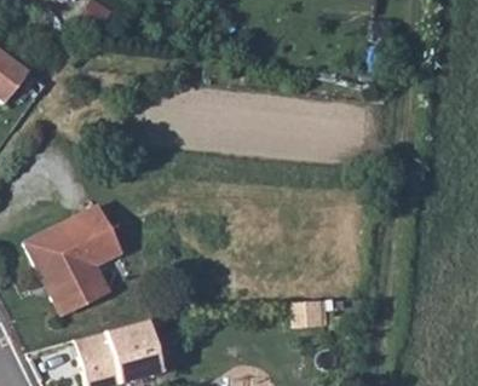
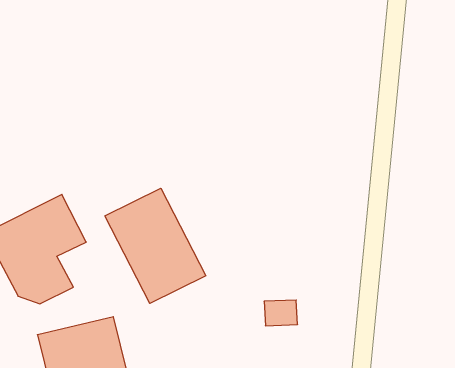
building: none -> [105,188,206,303]

